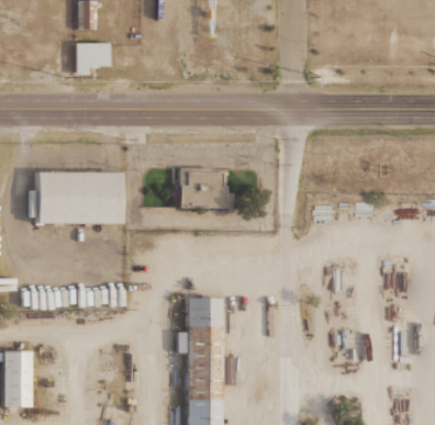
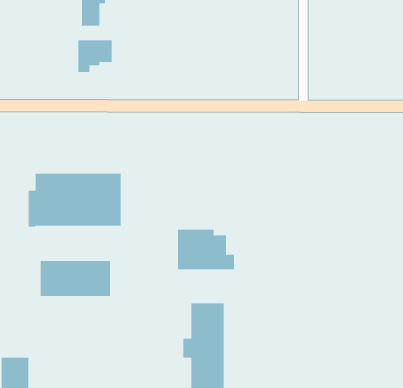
building: [180,168,236,208] -> [177,229,235,270]
building: none -> [40,260,111,297]

